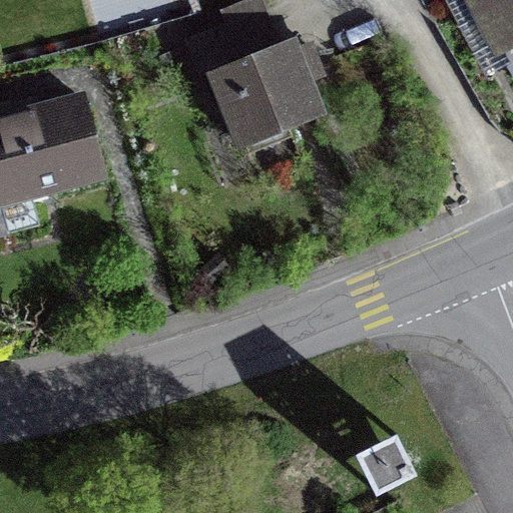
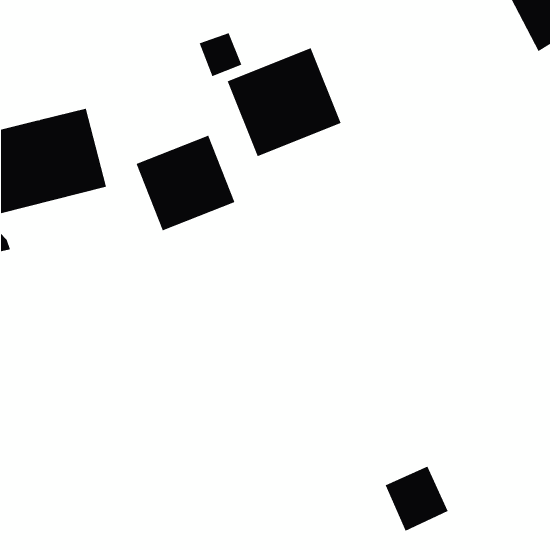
building: none -> [136,135,235,231]

